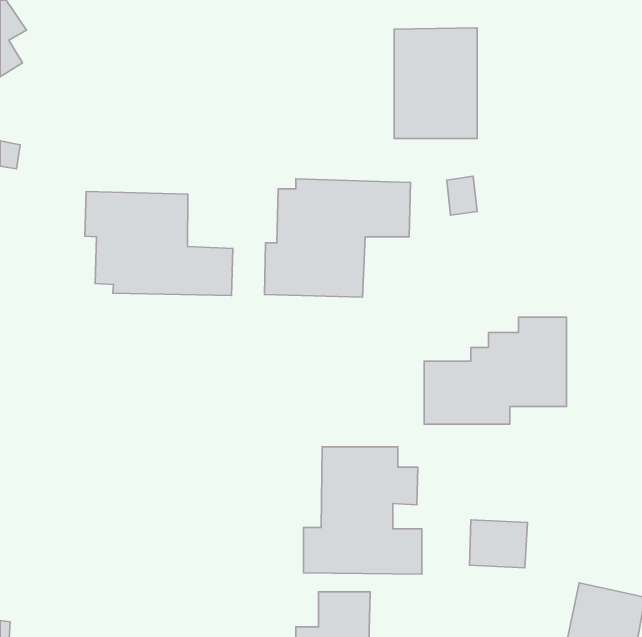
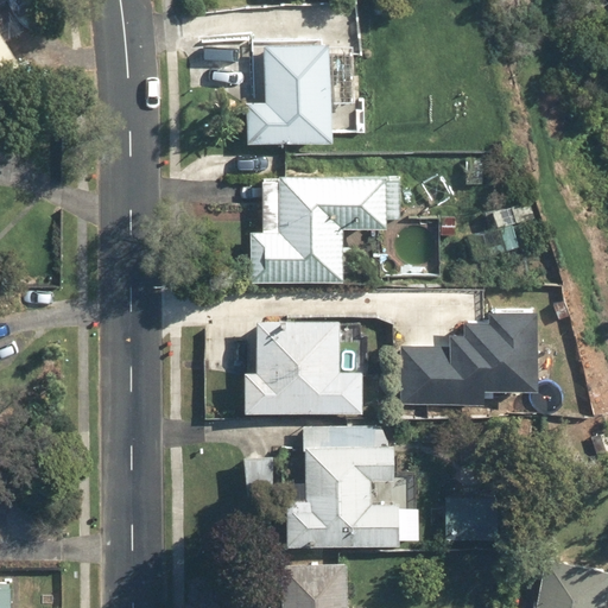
building: [394,28,477,139] -> [253,42,331,146]
building: [85,191,233,296] -> none
building: none -> [245,321,363,416]

